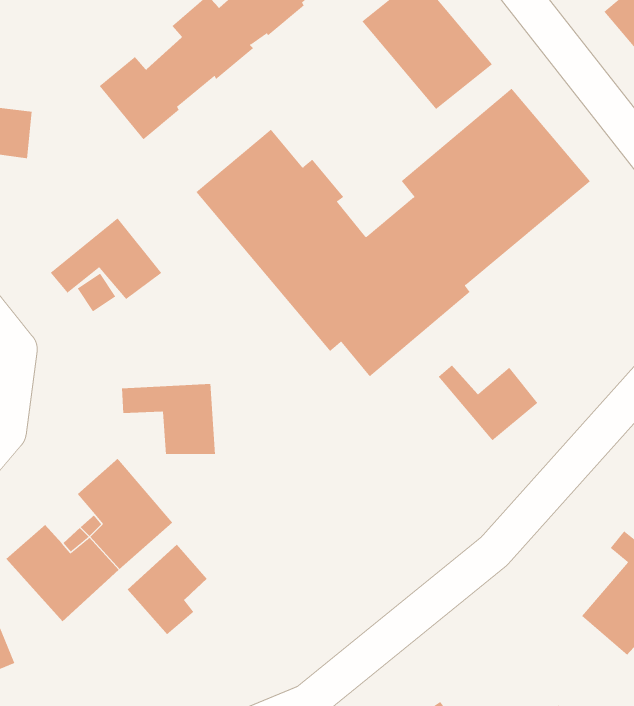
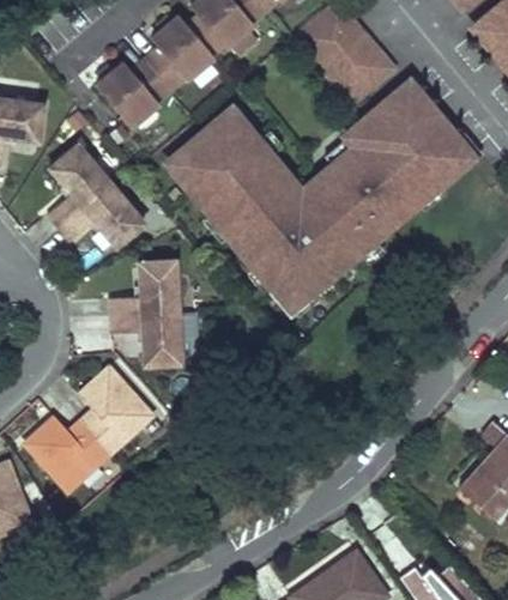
building: none -> [48,143,110,226]
building: none -> [111,262,181,314]
building: [438,364,538,441] -> none
building: [127,544,208,635] -> none

